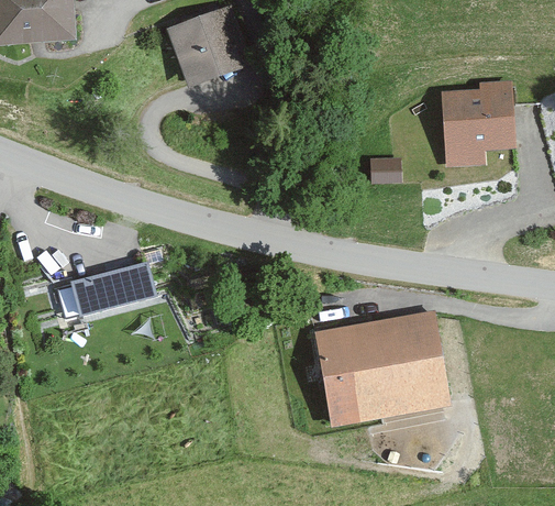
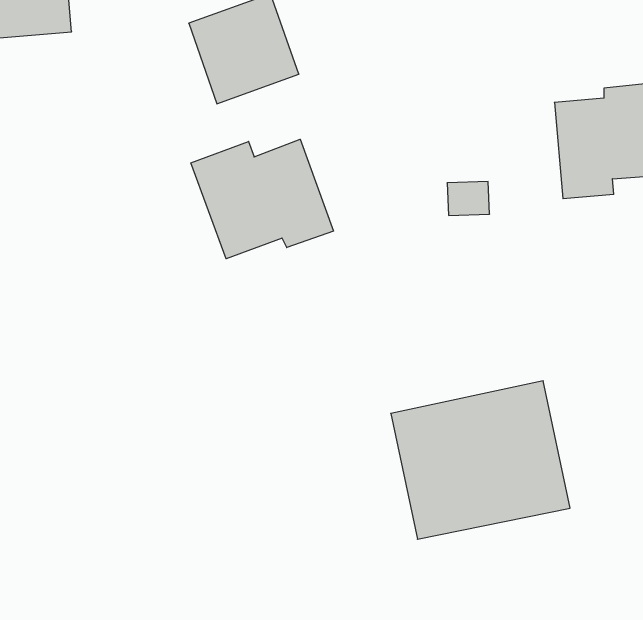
building: none -> [191,139,334,259]
building: [43,262,146,319] -> none

